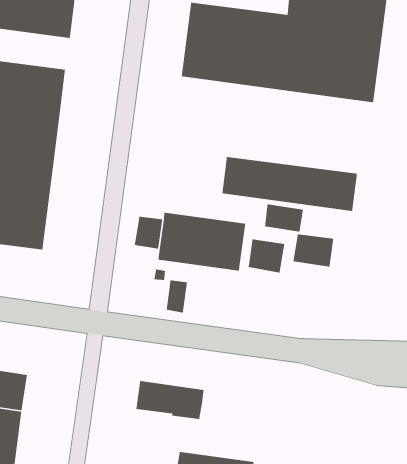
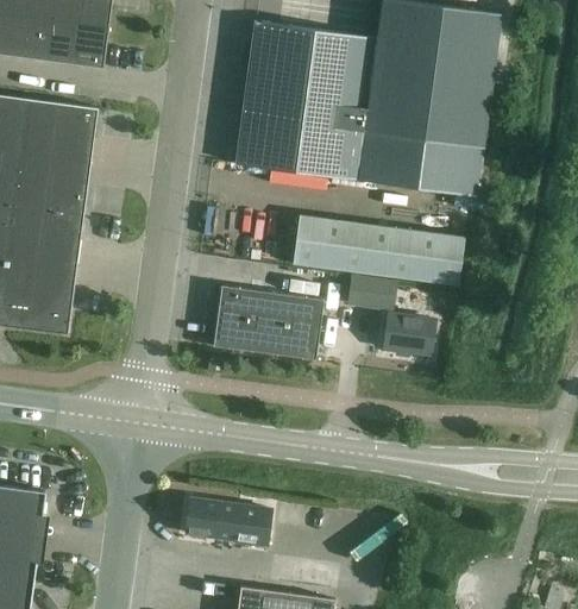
building: none -> [234,115,484,196]
building: [134,216,163,250] -> none
building: [248,239,285,273] -> none
building: [166,280,188,313] -> none

